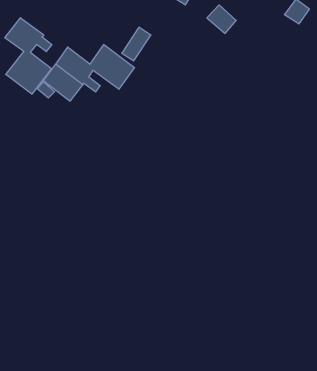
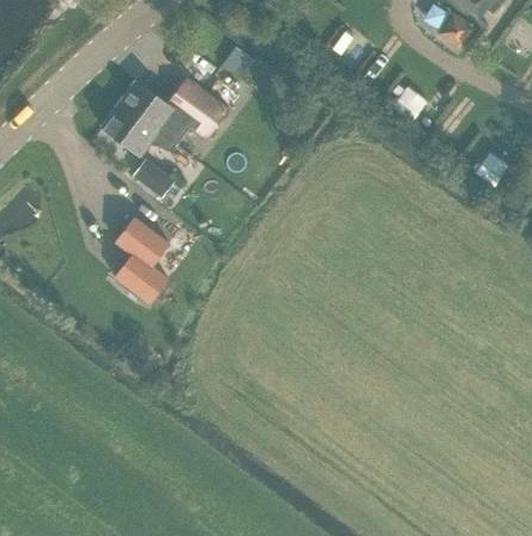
building: [5,18,52,94] -> none
building: none -> [132,156,176,196]
building: none -> [113,220,169,306]

